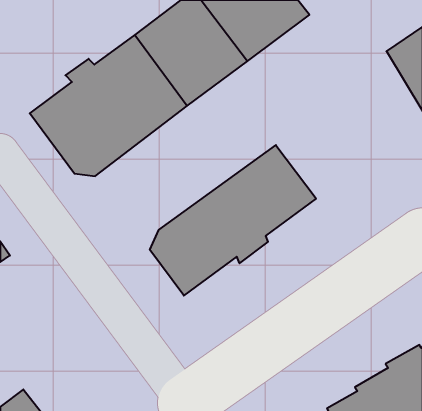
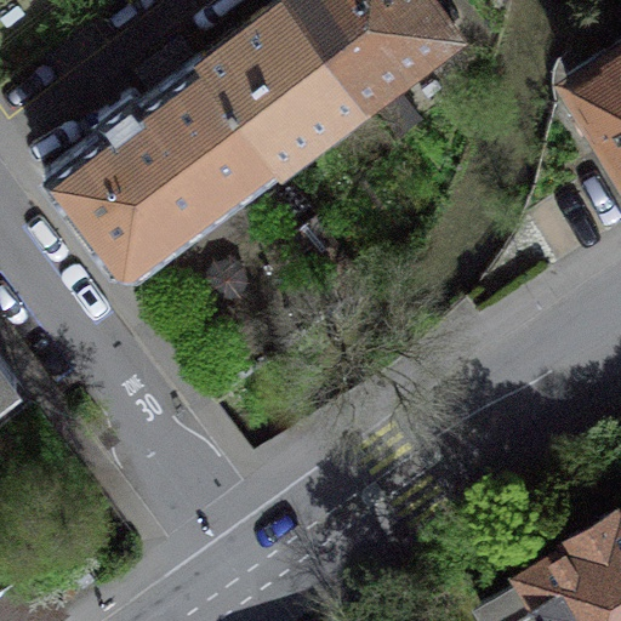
building: [150,145,316,296] -> none

